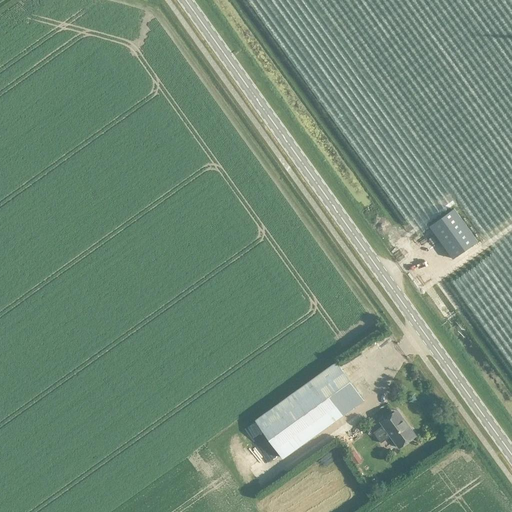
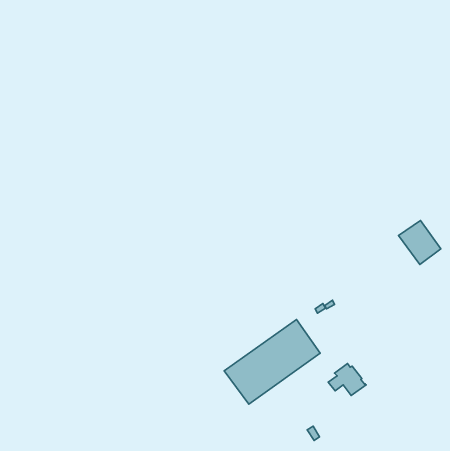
building: [428,209,476,259] -> [399,221,441,265]

